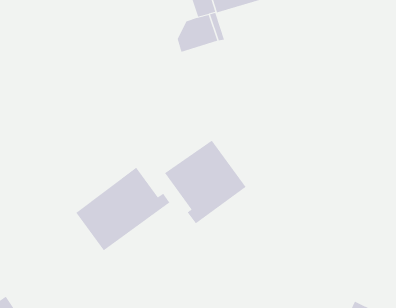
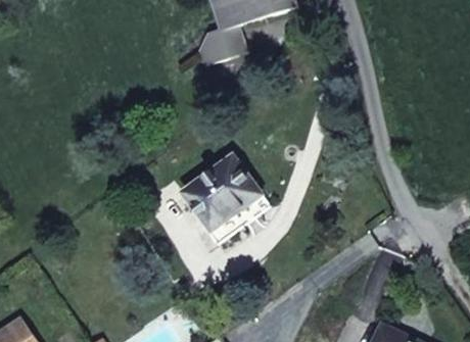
building: [75,167,170,251] -> none

